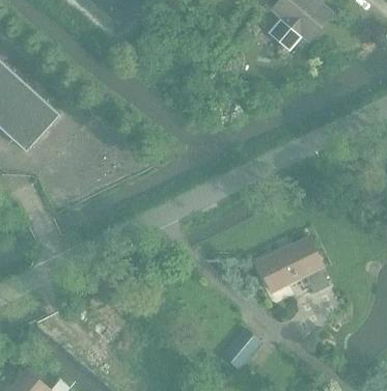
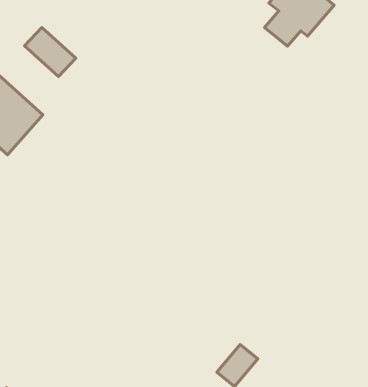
building: none -> [25,28,76,77]
building: [257,236,330,294] -> none

